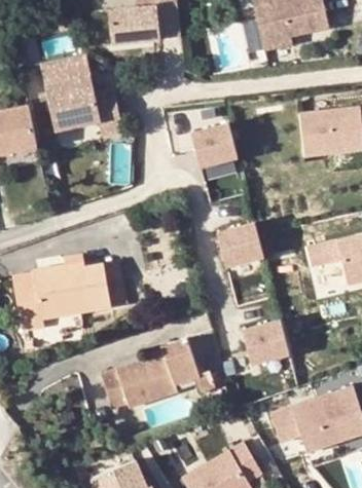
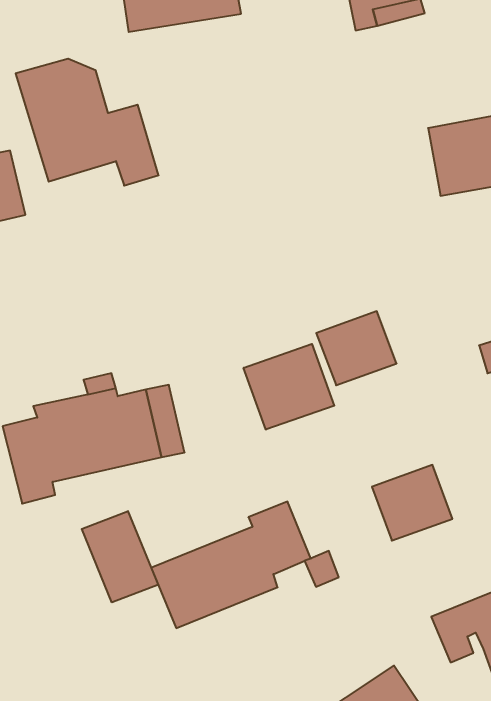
building: [181,125,229,170] -> none
building: none -> [244,344,334,430]
building: none -> [82,511,158,602]

